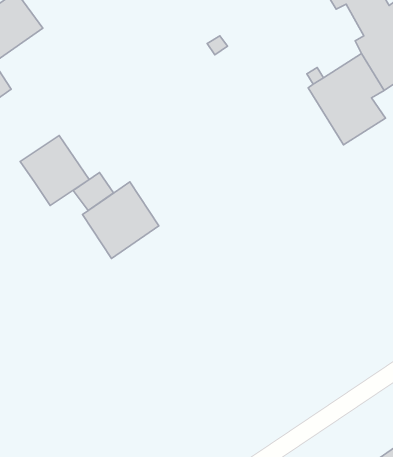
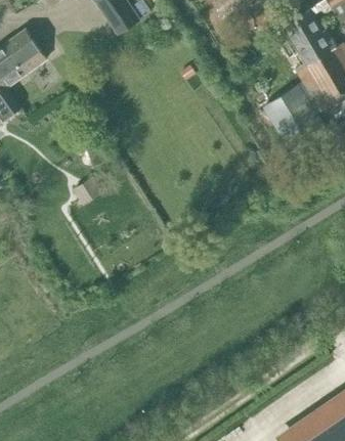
building: [20,136,89,205] -> none
building: [82,182,159,258] -> none

